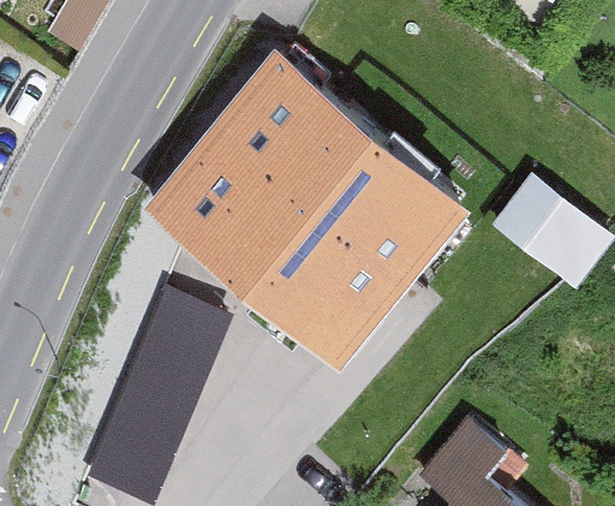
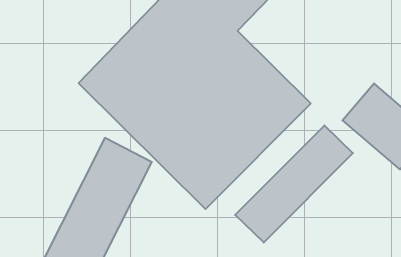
building: none -> [235,125,353,243]

